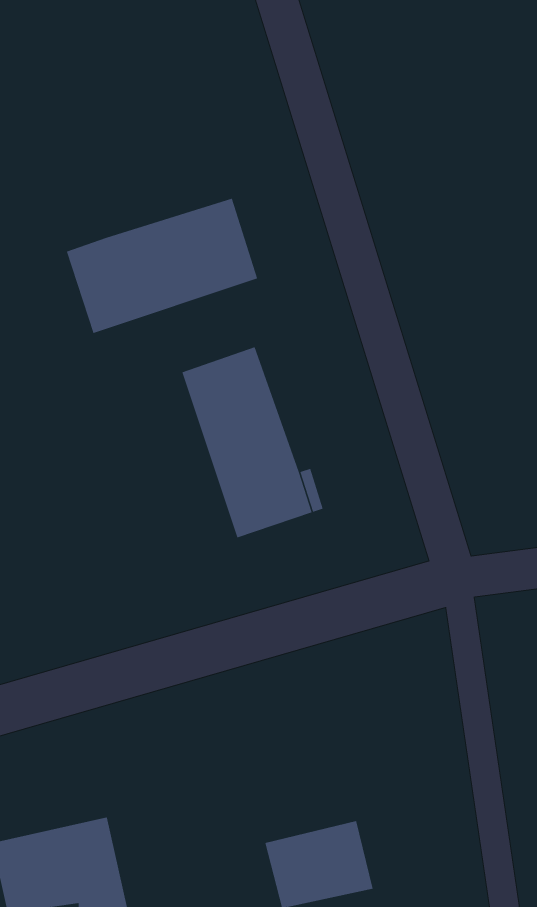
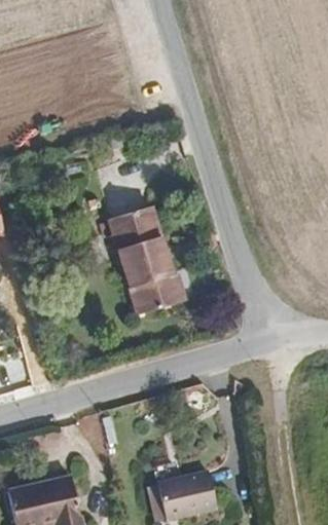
building: [66,198,258,334] -> none

